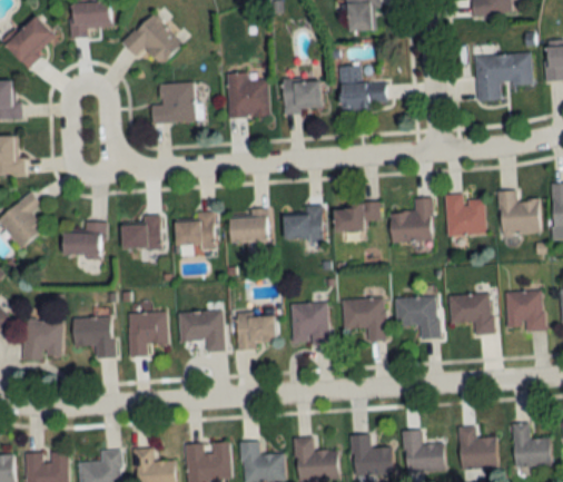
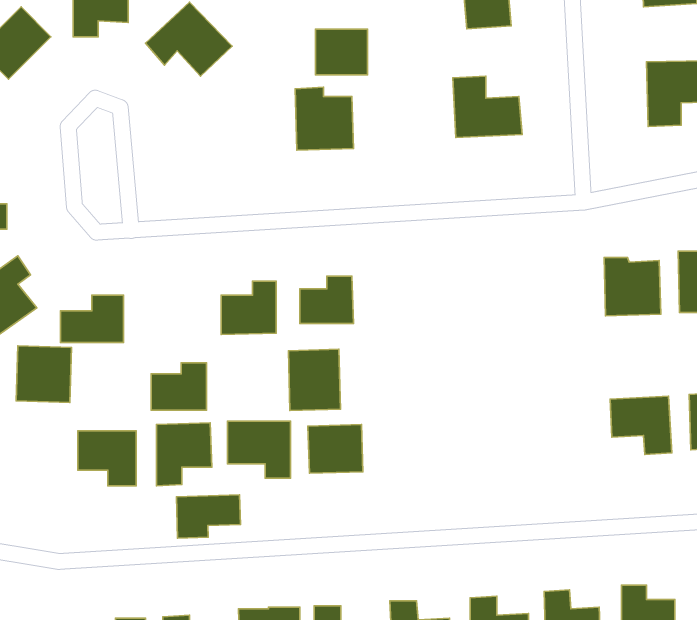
building: [284,80,320,112] -> [316,29,368,75]
building: [151,83,195,122] -> none
building: [392,196,433,240] -> none
building: [335,203,381,228] -> none
building: [285,204,323,238] -> none
building: [122,215,161,248] -> [151,363,206,410]
building: [396,295,439,337] -> none
building: [344,297,386,340] -> none
building: [293,302,329,345] -> [288,349,340,411]
building: [24,318,63,358] -> [16,346,71,403]
building: none -> [176,495,240,538]

